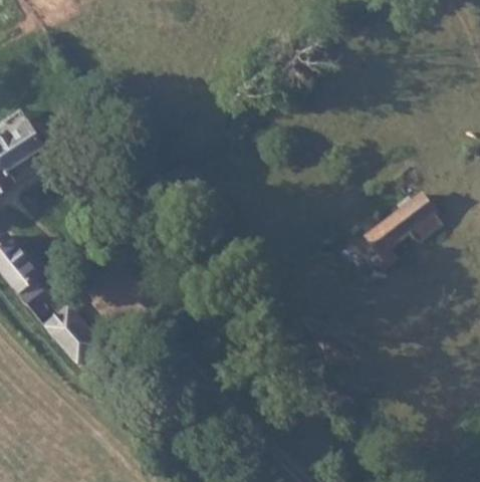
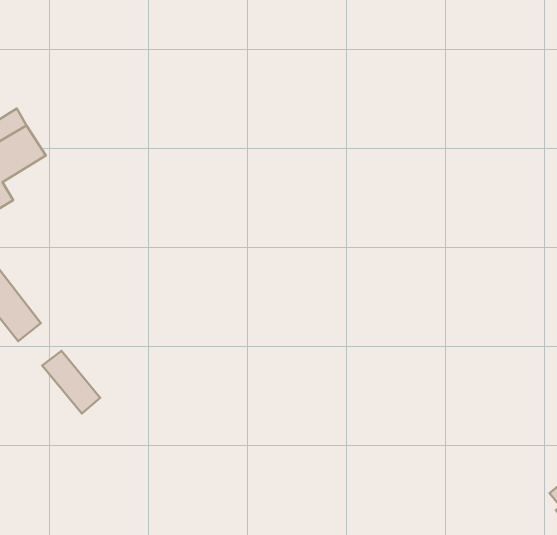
building: [364,191,439,259] -> none

